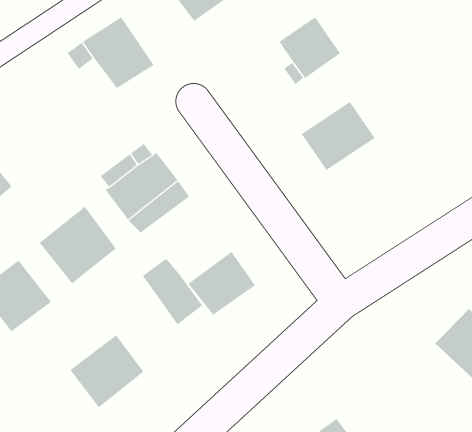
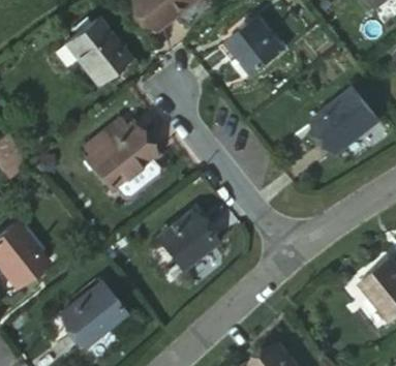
building: [301,101,376,171] -> [319,92,380,149]
building: [39,206,117,284] -> none
building: [142,258,203,325] -> none

